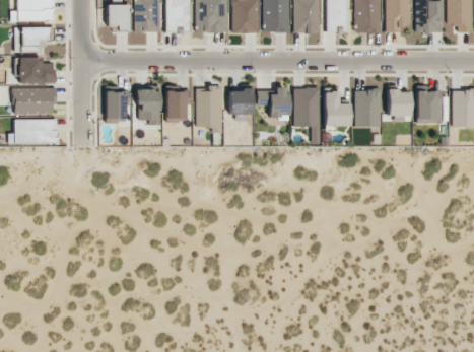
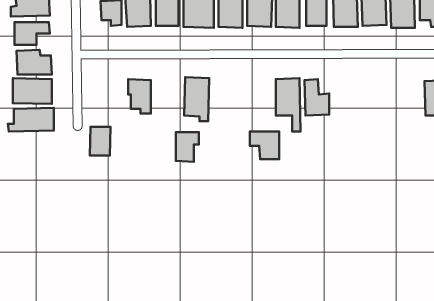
building: [230,89,254,115] -> none
building: [259,89,290,119] -> [250,132,279,159]
building: [355,89,382,128] -> none
building: [167,90,192,122] -> [176,132,199,162]
building: [388,90,412,116] -> none
building: [417,90,443,124] -> none
building: [106,91,128,122] -> [90,127,111,155]

